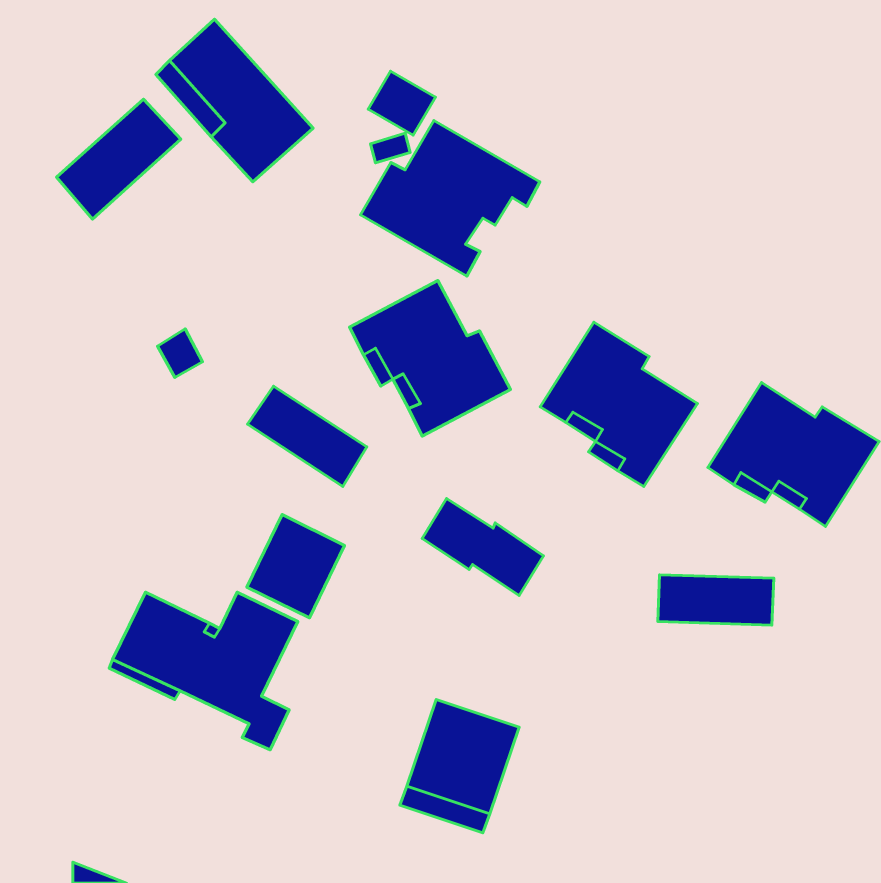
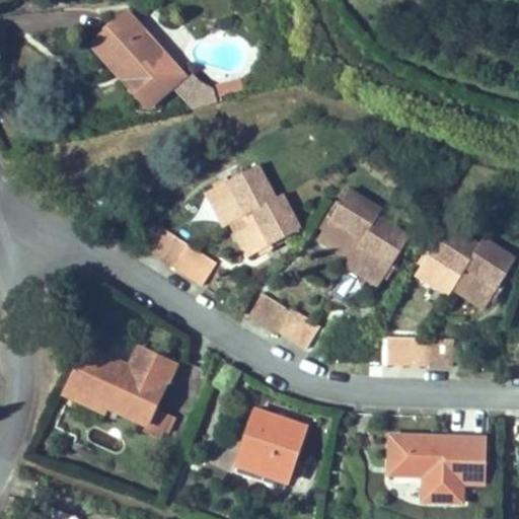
building: [368,71,436,135] -> [172,73,212,110]
building: [56,99,181,219] -> none
building: [361,120,540,276] -> none
building: [247,515,345,618] -> none
building: none -> [388,435,486,501]

